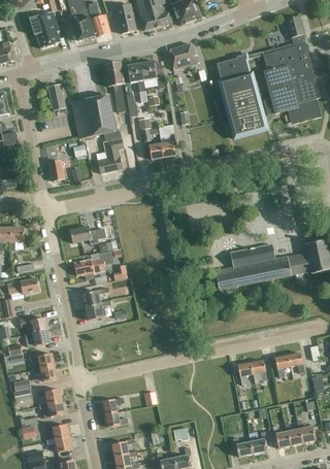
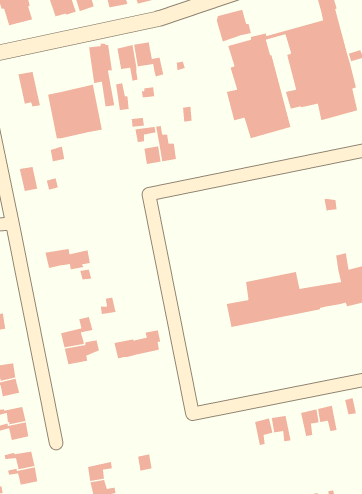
building: [169,43,198,70] -> [216,9,252,42]
building: [97,130,124,172] -> none
building: [74,252,112,275] -> [114,330,161,359]

